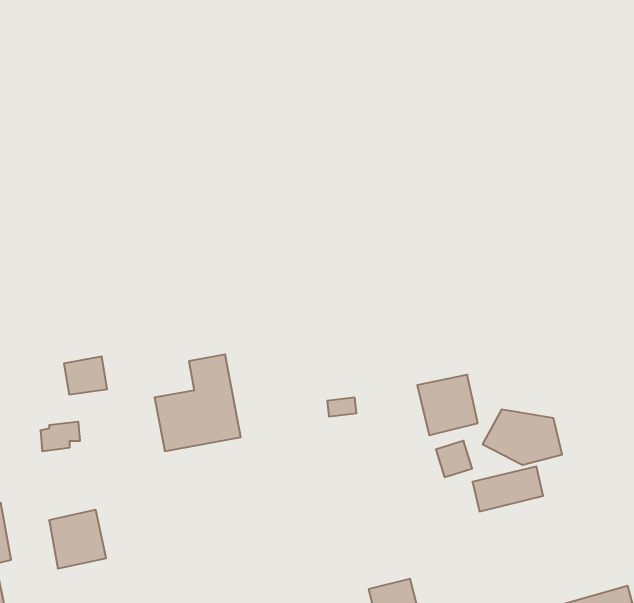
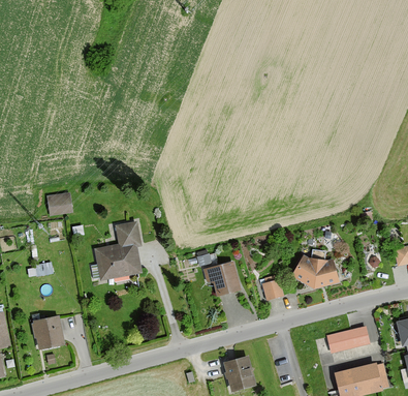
building: [64,356,107,394] -> [45,192,71,215]
building: [417,375,478,435] -> [205,263,241,299]
building: [472,466,543,511] -> [326,325,369,352]

